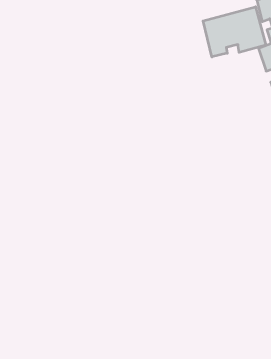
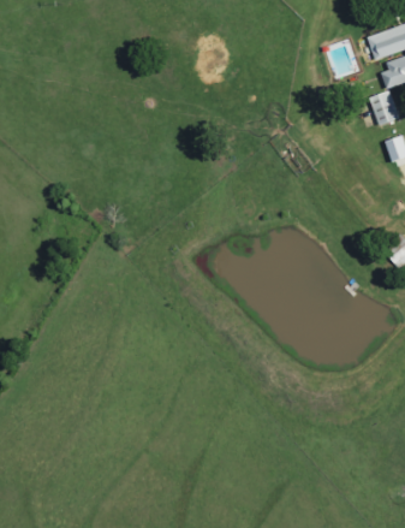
building: [203,7,266,57] -> none

